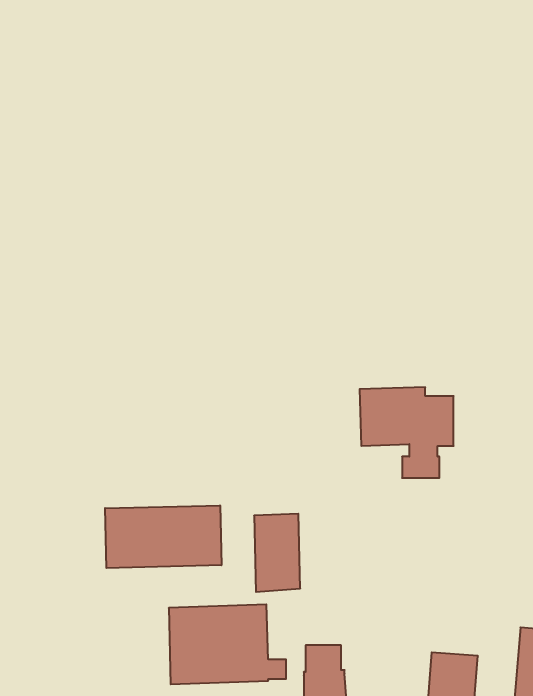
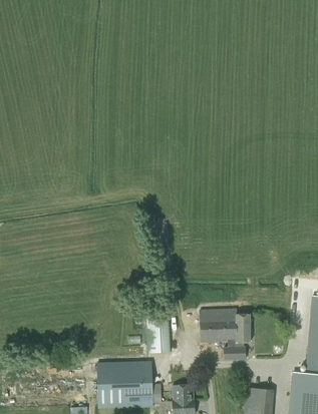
building: [360,387,454,478] -> [200,309,253,360]
building: [105,505,221,568] -> none

